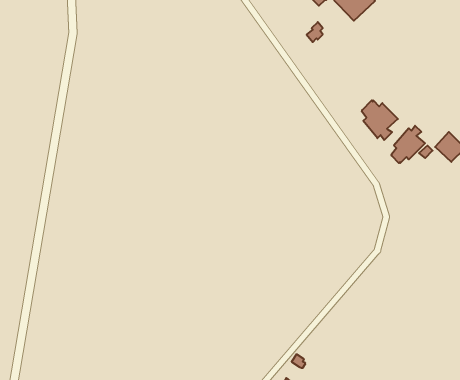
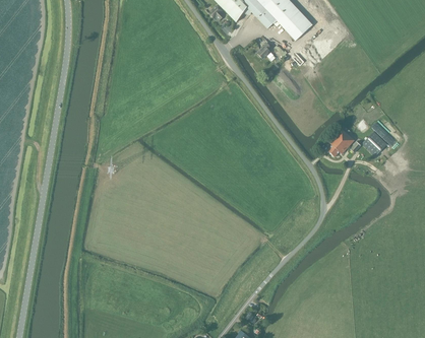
building: [362,100,398,140] -> none

